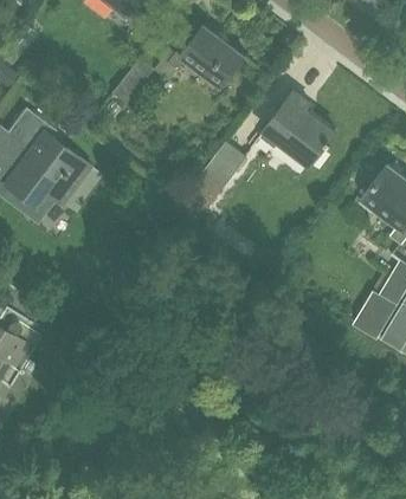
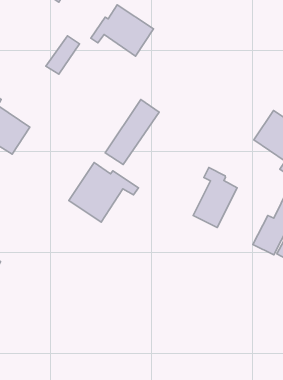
building: [258,93,334,166] -> none
building: none -> [69,162,138,222]
building: none -> [193,168,237,227]

